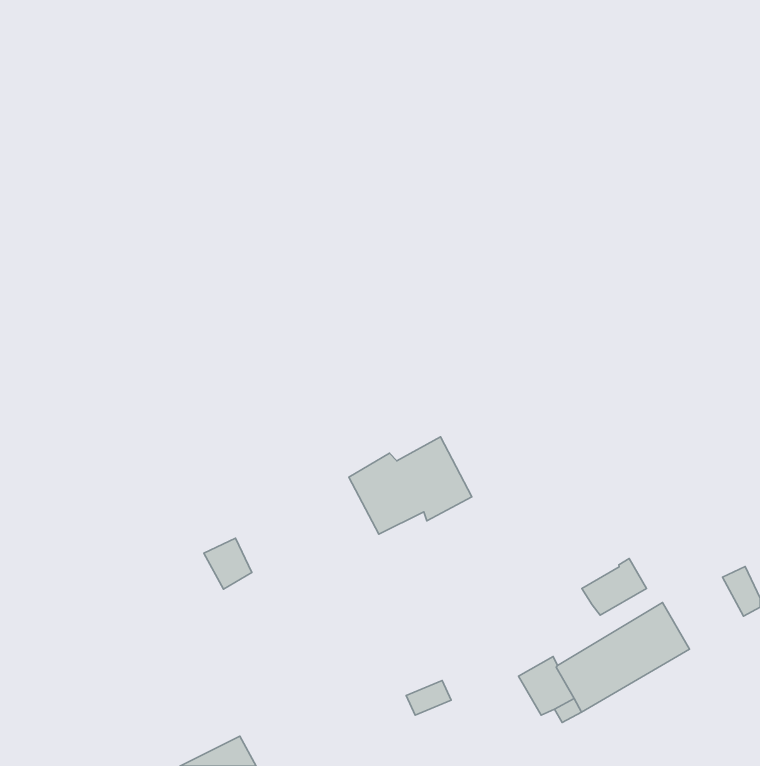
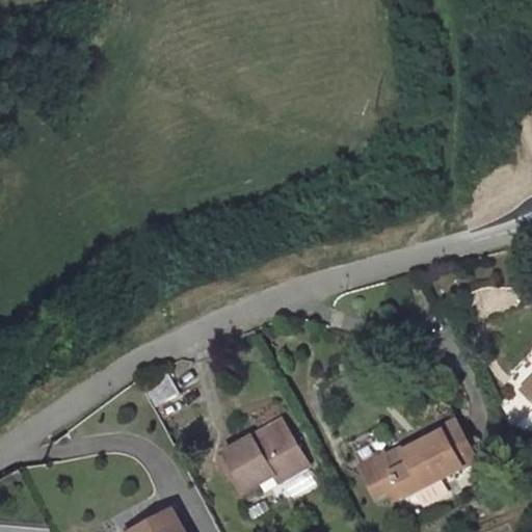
building: [349,437,472,534] -> [221,422,307,489]
building: [582,559,646,615] -> none

